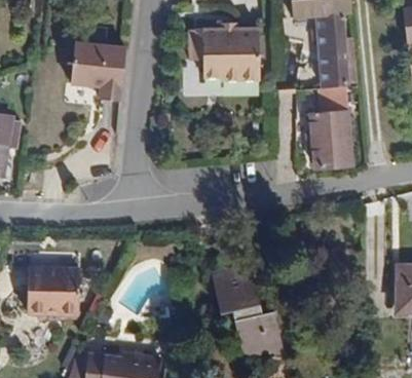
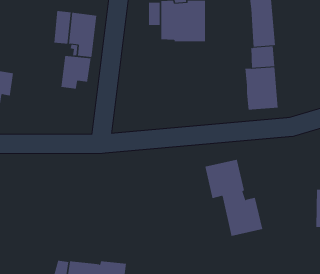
building: none -> [61,55,91,89]
building: [212,264,285,361] -> [205,159,263,237]
building: [28,265,81,314] -> none

